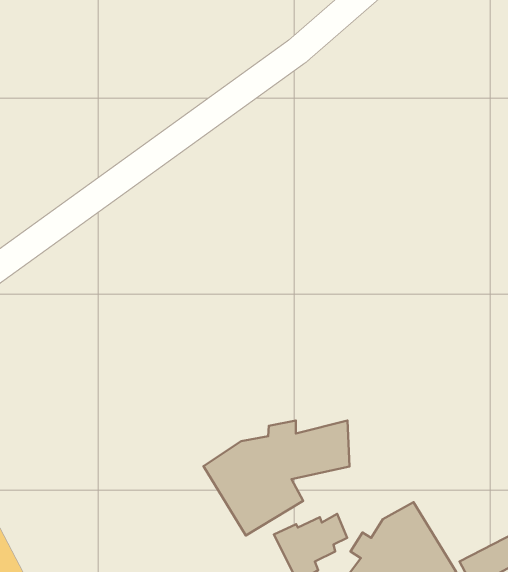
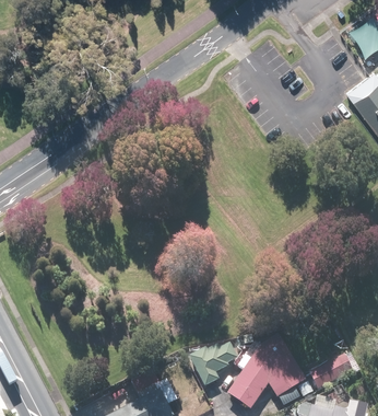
building: [203,420,349,536] -> none

